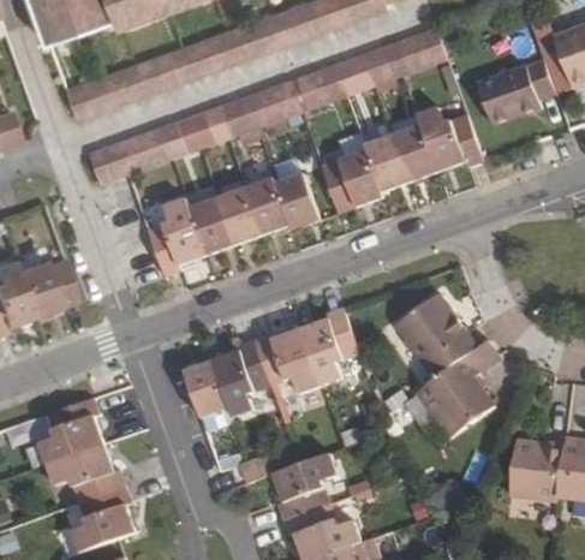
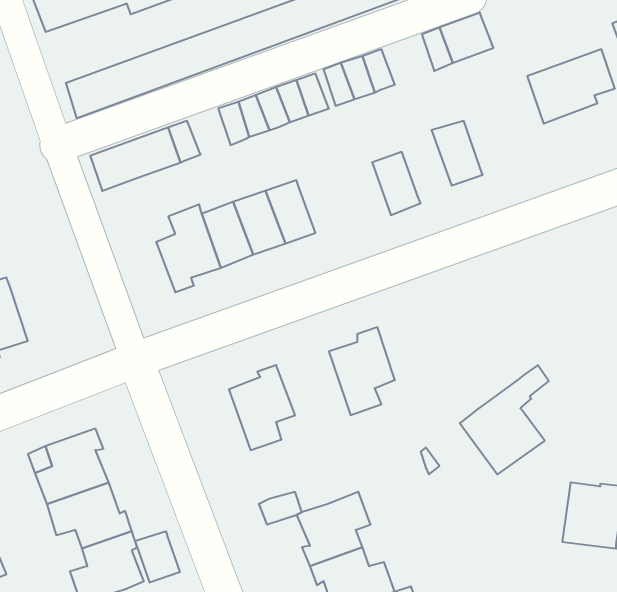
building: [347,47,394,91] -> none
building: [417,106,483,172] -> none
building: [363,132,410,191] -> none
building: [274,174,320,230] -> none
building: [17,260,77,320] -> none
building: [394,297,474,381] -> none
building: [253,329,320,394] -> none
building: [185,363,231,422] -> none
building: none -> [135,531,180,583]

